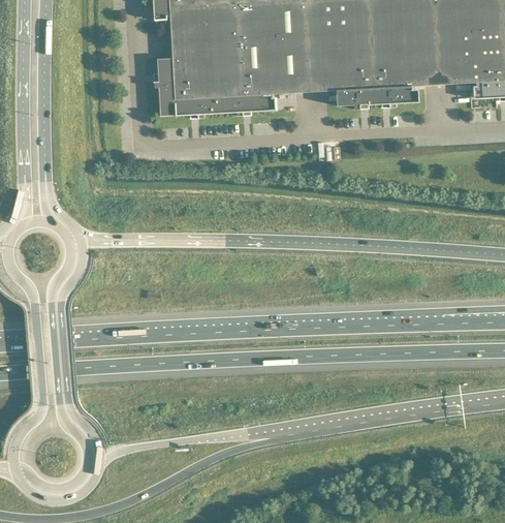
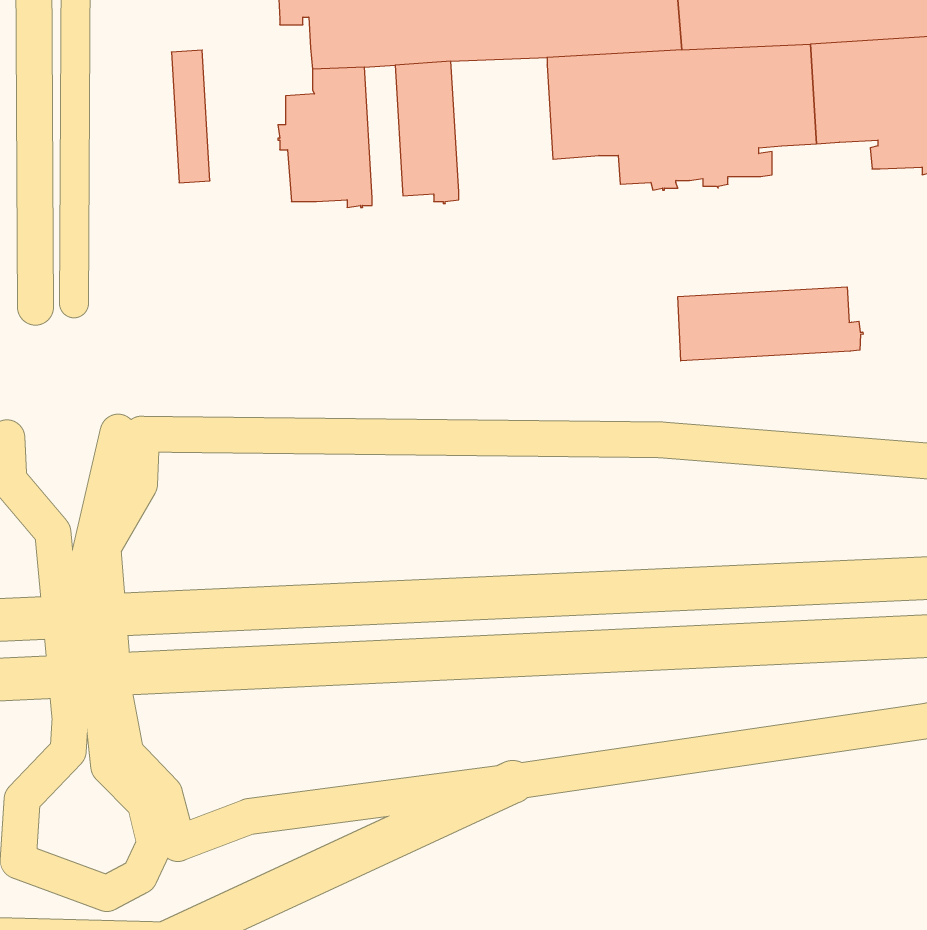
building: [247,36,302,109] -> none
building: [200,40,221,112] -> [171,50,210,183]
building: none -> [678,287,863,361]

